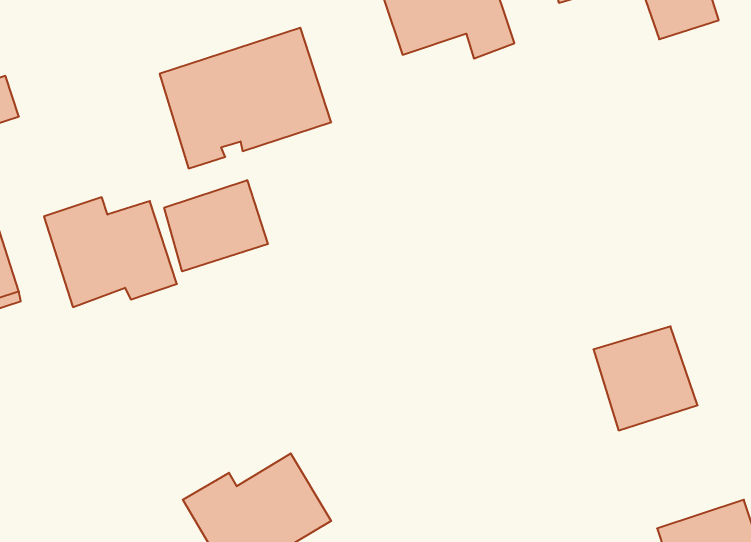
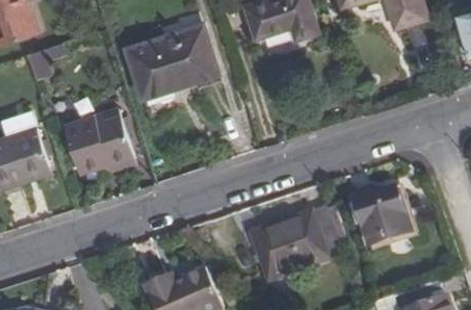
building: [164,180,268,271] -> none
building: none -> [253,205,345,280]

